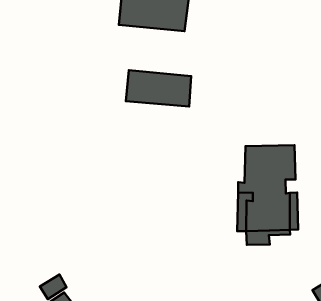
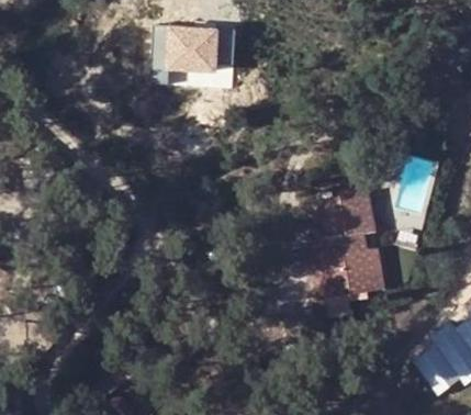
building: [126,70,191,106] -> none

